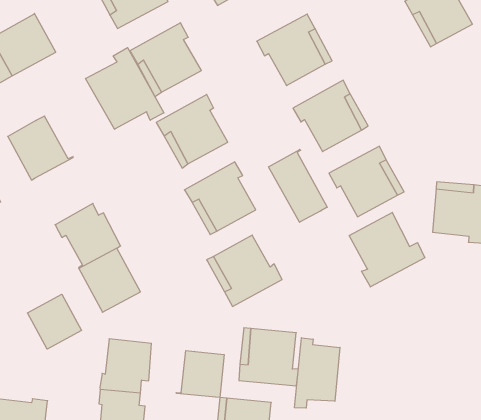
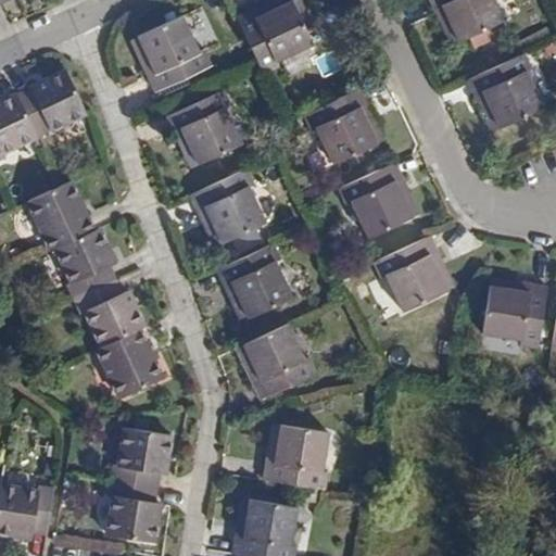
building: [86,48,164,129] -> none
building: [269,149,327,222] -> none
building: none -> [56,228,117,300]
building: [349,212,425,287] -> none
building: [27,294,82,349] -> none
building: [295,338,340,408] -> none
building: [176,351,224,398] -> none

